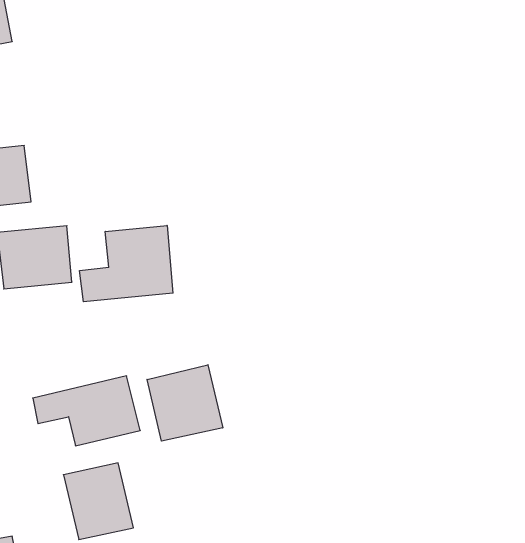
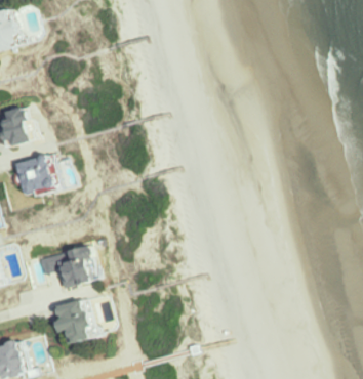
building: [80,225,173,302] -> none
building: [147,365,223,441] -> none

